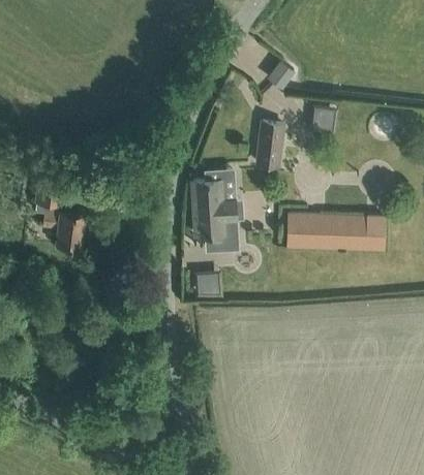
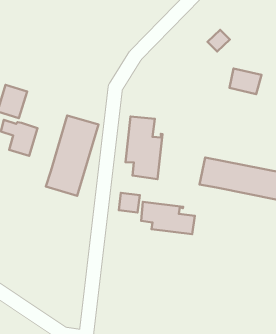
building: [256,121,284,165] -> none
building: none -> [46,115,99,196]
building: none -> [141,202,195,234]

